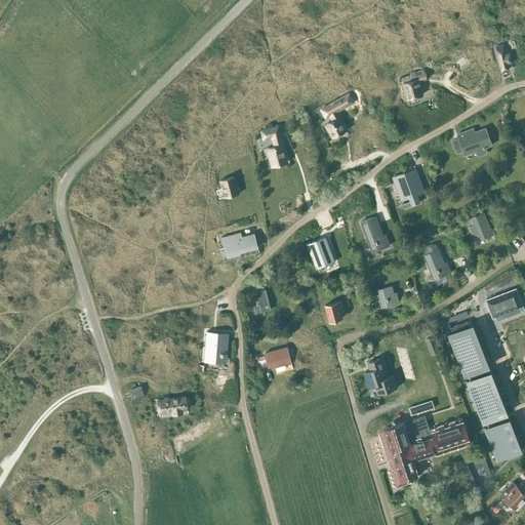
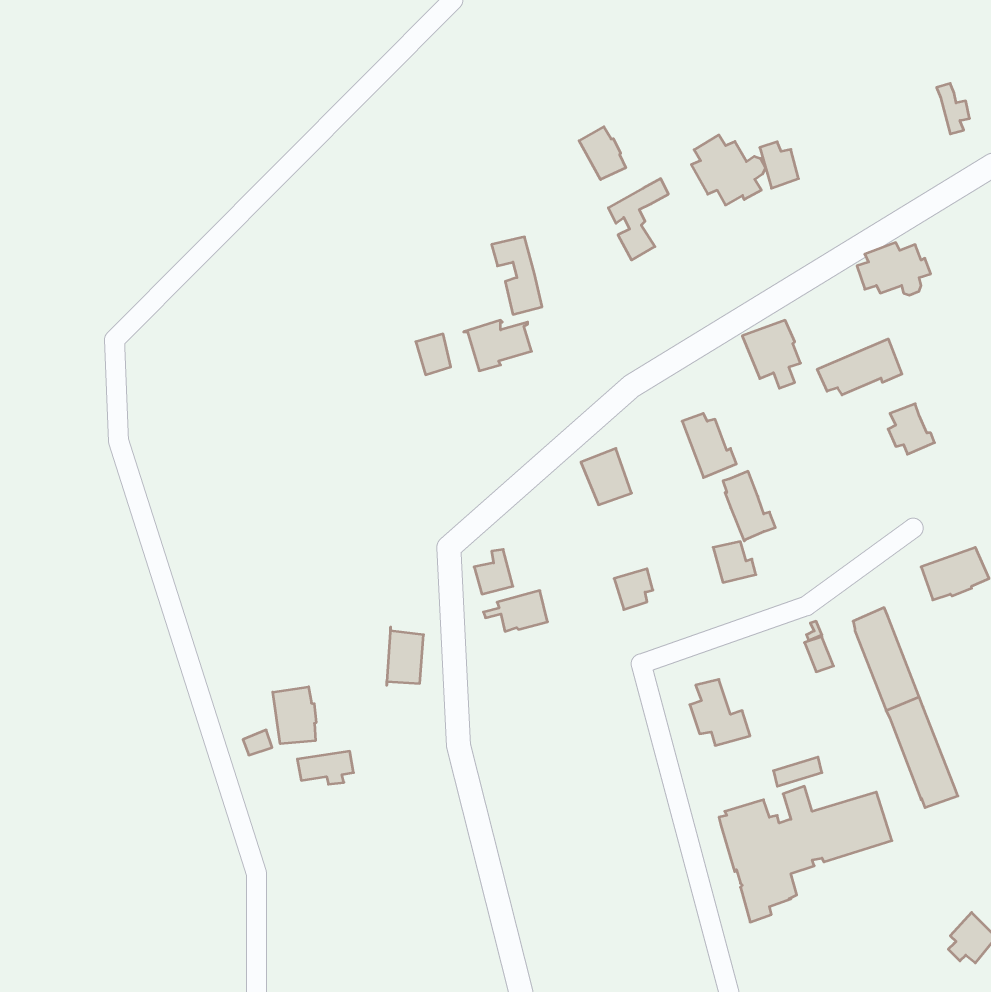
building: none -> [579,127,626,180]
building: none -> [691,135,766,205]
building: none -> [817,339,902,395]
building: [221,232,257,258] -> [464,320,532,371]
building: [423,243,451,280] -> [723,471,775,541]
building: [257,347,291,368] -> [483,591,548,631]
building: none -> [273,687,316,744]
building: [489,420,519,458] -> none

